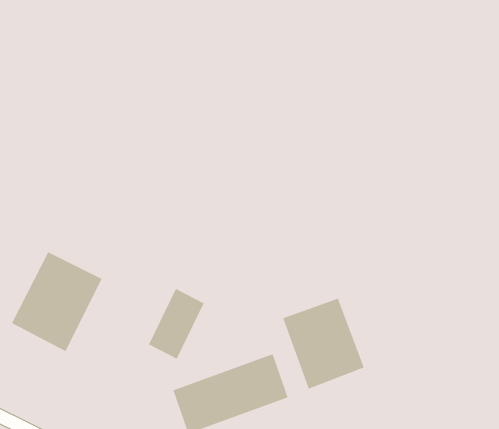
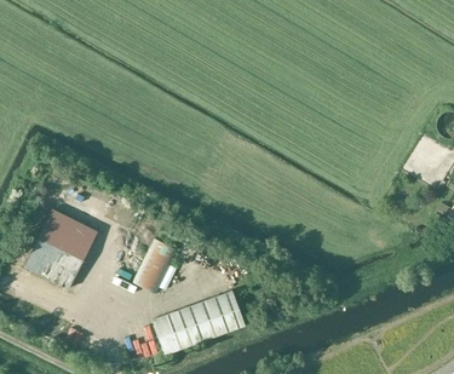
building: [283,298,364,389] -> none

